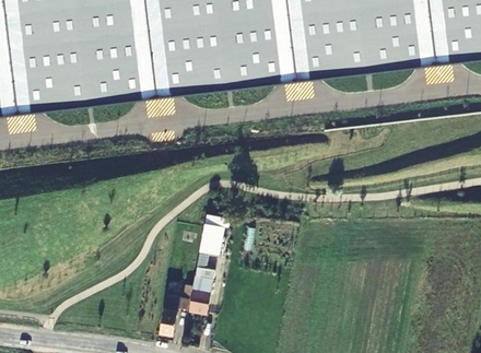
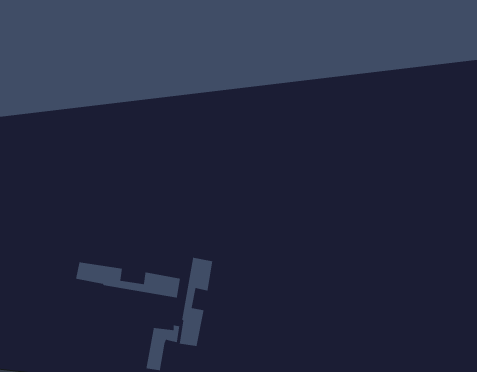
building: none -> [75,261,181,299]

